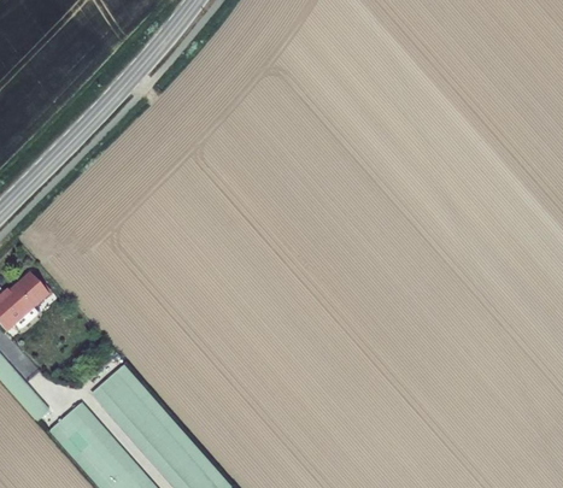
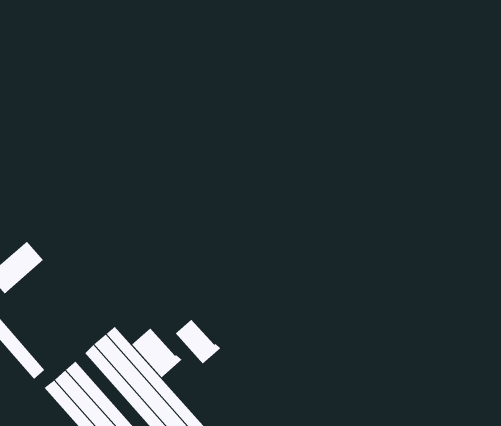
building: none -> [175,319,221,364]
building: none -> [131,328,183,378]

